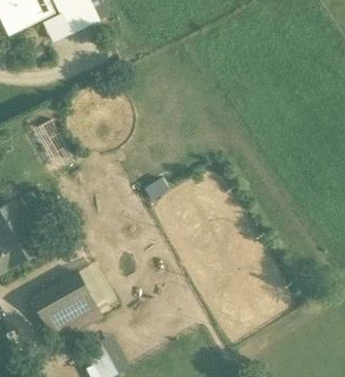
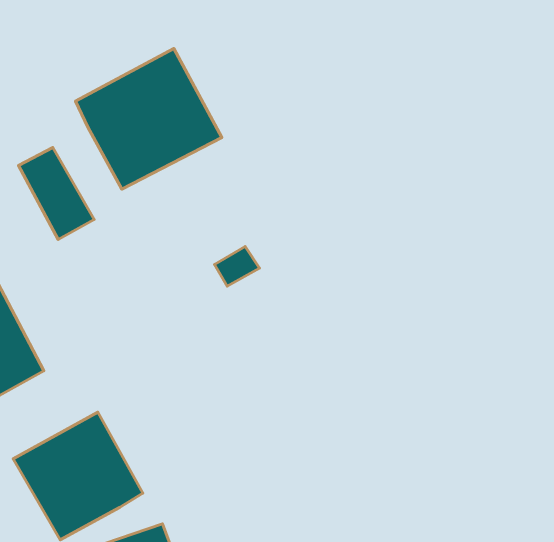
building: none -> [76,48,222,189]

